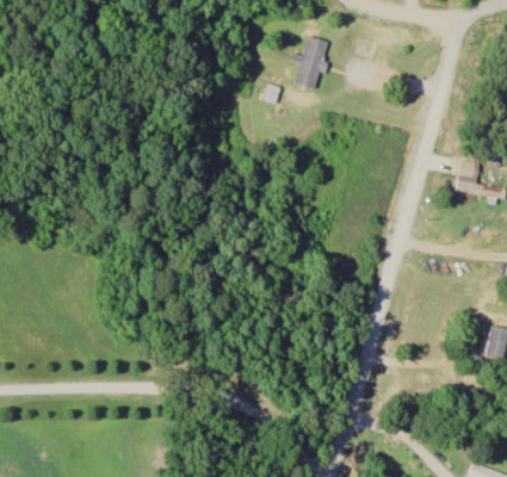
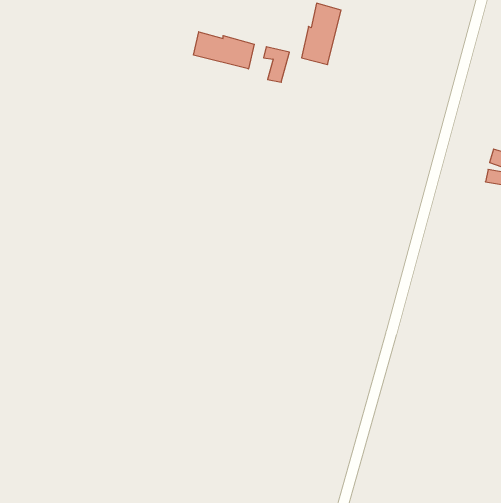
building: none -> [194,32,254,69]

